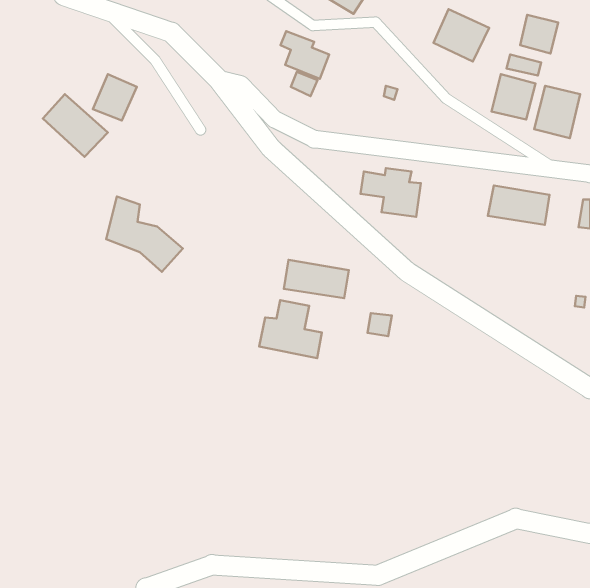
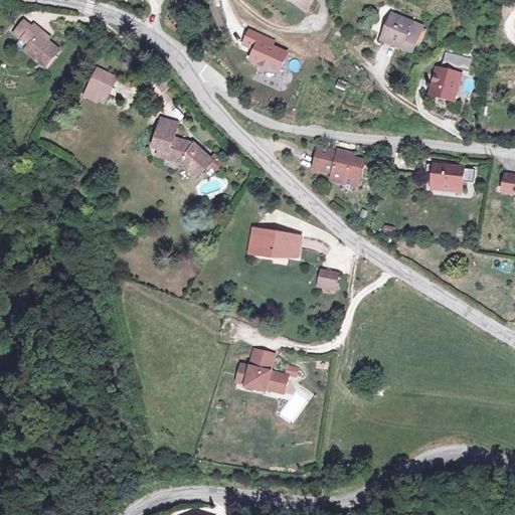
building: [520,15,558,53] -> none
building: [534,86,580,138] -> none
building: [43,94,108,157] -> [8,16,64,70]
building: [106,196,183,272] -> [150,115,216,180]
building: [259,300,322,358] -> [233,345,288,395]

